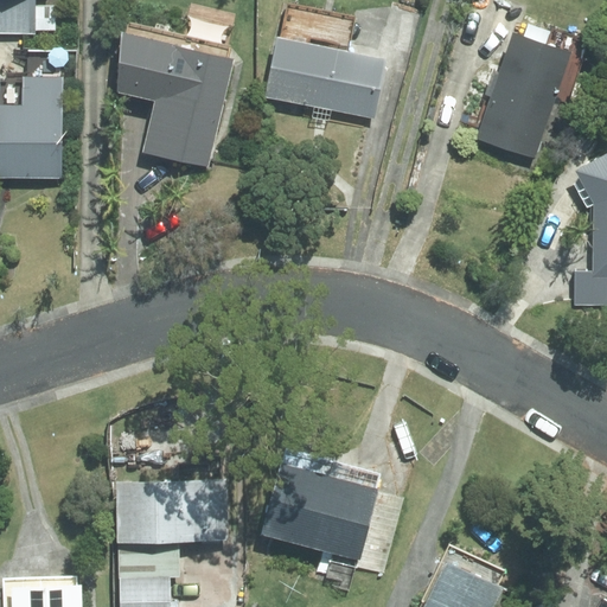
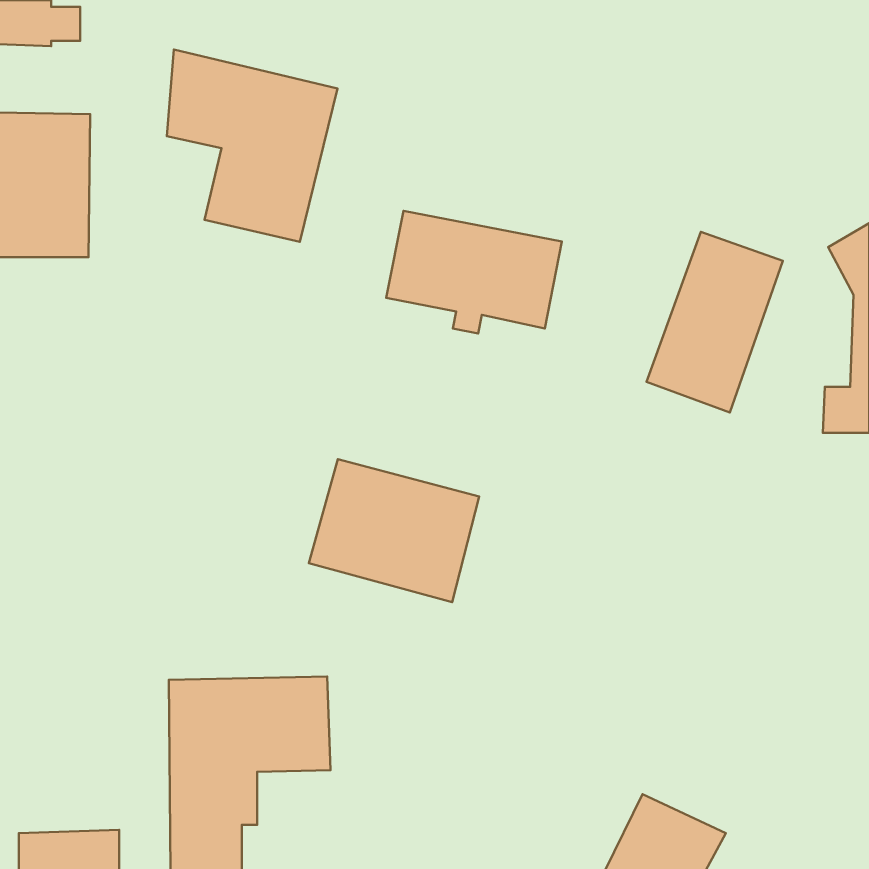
building: [477,34,571,160] -> [646,232,783,412]
building: [263,38,385,123] -> [386,211,562,334]
building: [260,455,378,555] -> [309,459,479,602]

